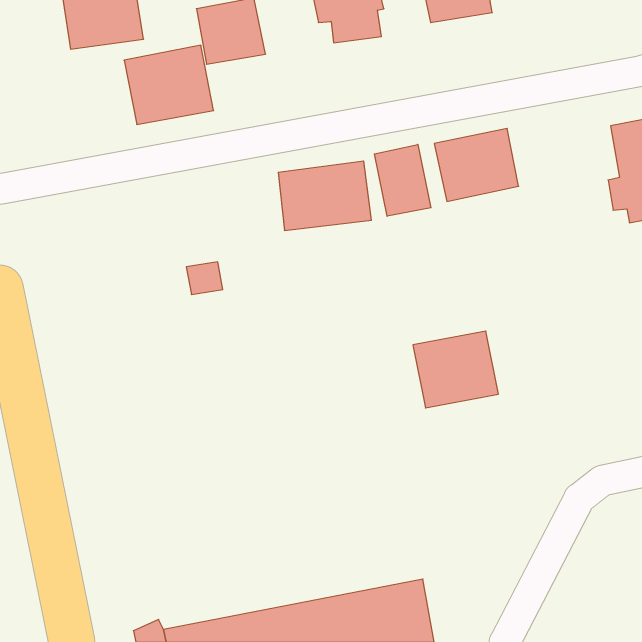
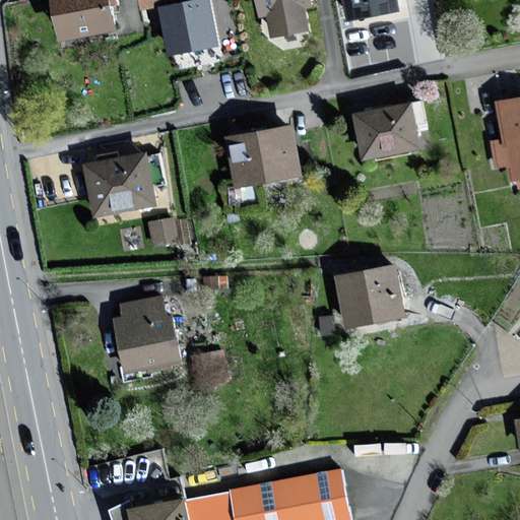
building: [124,45,214,124] -> [82,152,154,216]
building: [374,144,431,216] -> none
building: none -> [114,297,180,373]

